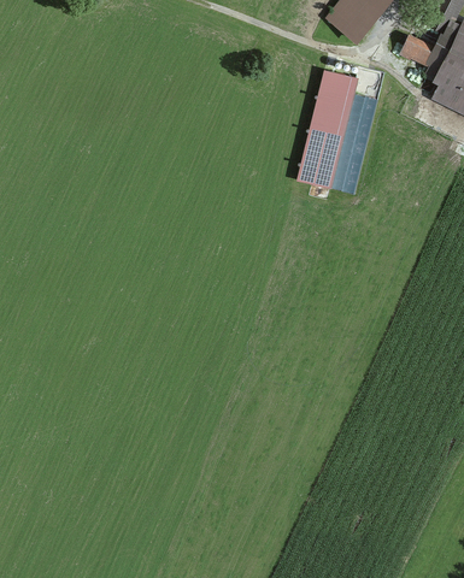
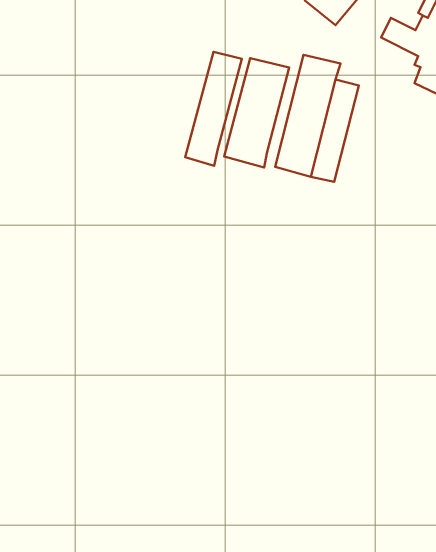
building: none -> [185,52,242,166]
building: none -> [224,58,289,168]

